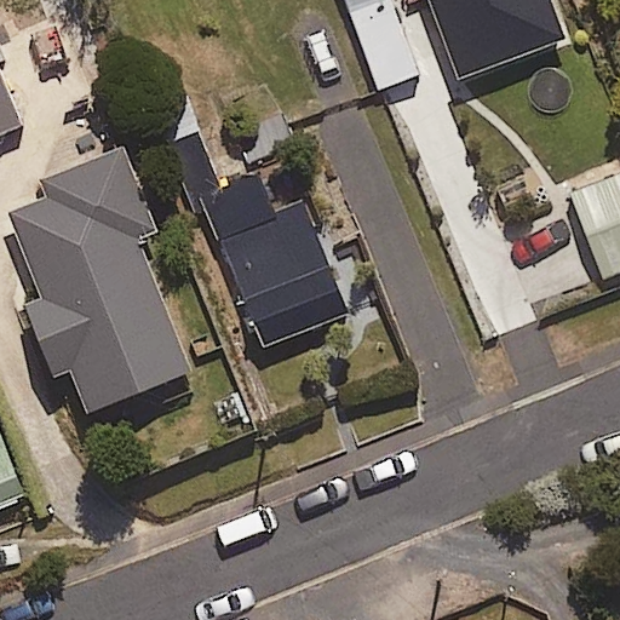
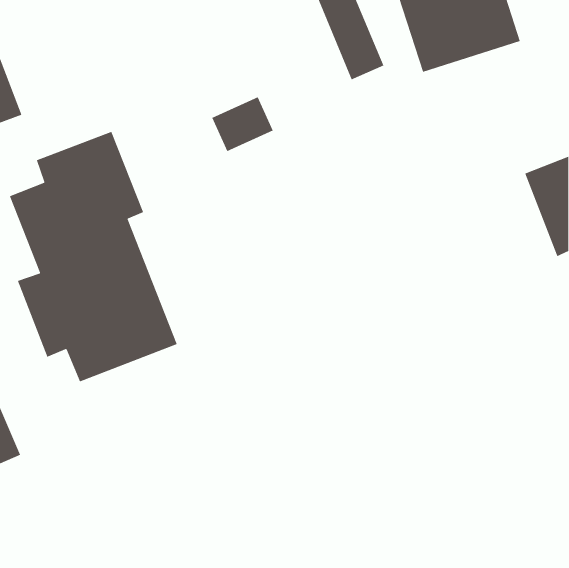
building: [147,91,348,346] -> none

